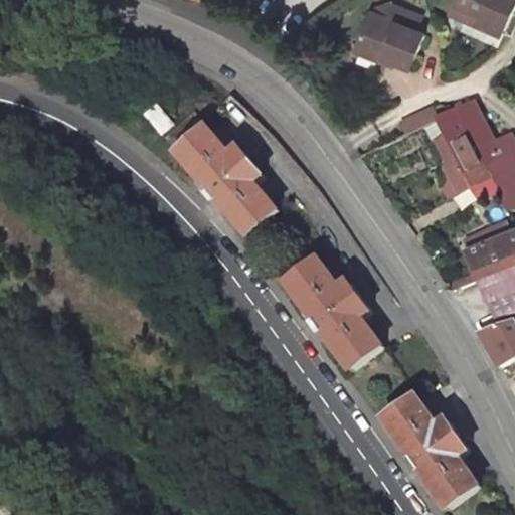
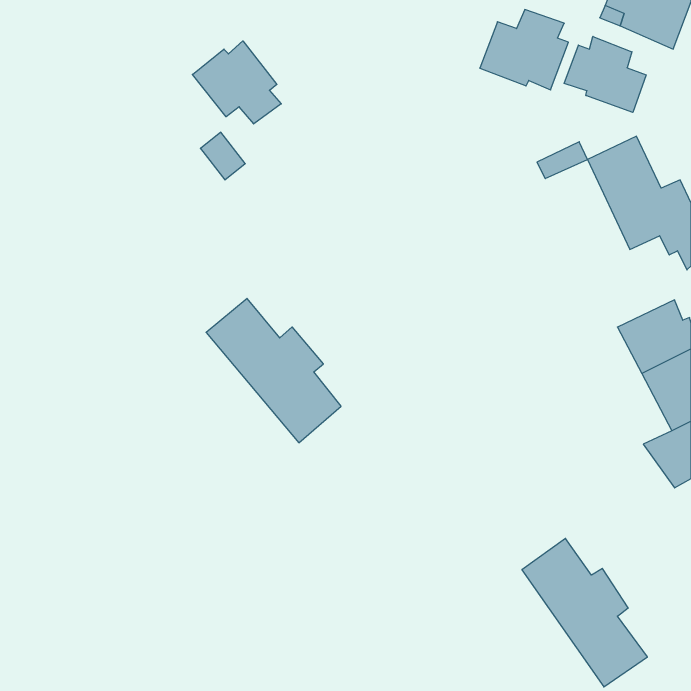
building: none -> [564,36,646,112]
building: none -> [192,41,281,124]
building: [180,131,280,237] -> [206,298,341,443]
building: [286,260,383,373] -> none

